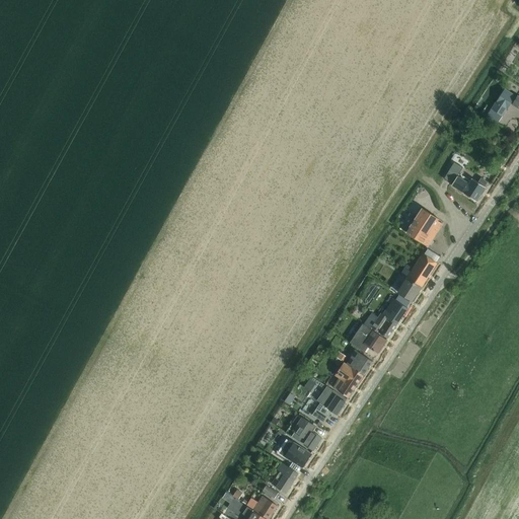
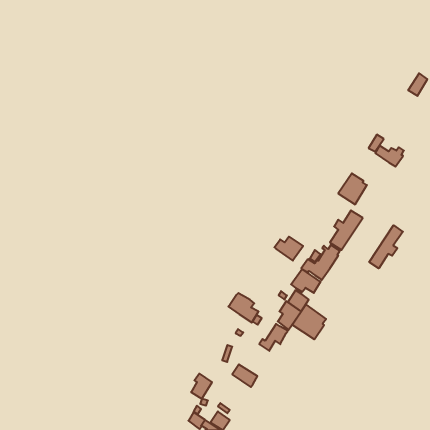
building: none -> [369,225,403,268]
building: none -> [274,237,303,261]
building: none -> [292,304,326,339]
building: [285,415,321,450] -> [228,293,259,323]
building: [273,462,298,493] -> [191,374,212,399]

